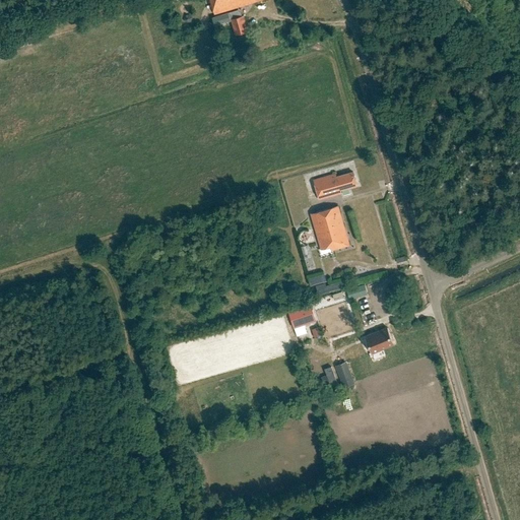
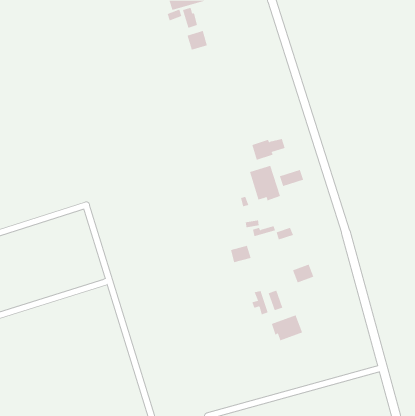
building: none -> [187,30,208,50]
building: none -> [279,169,304,187]
building: none -> [271,315,303,341]

